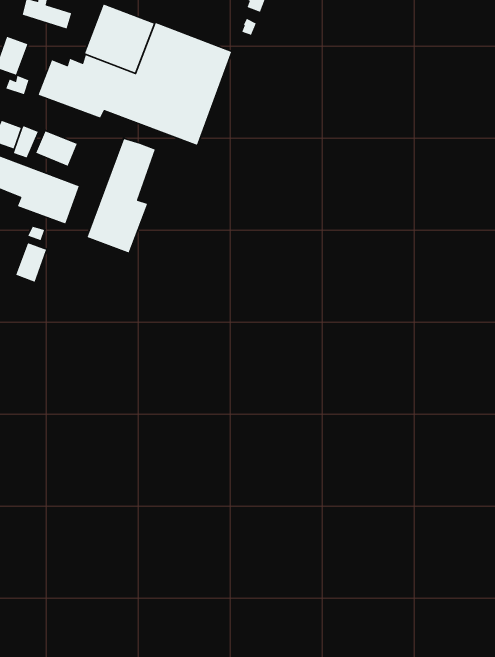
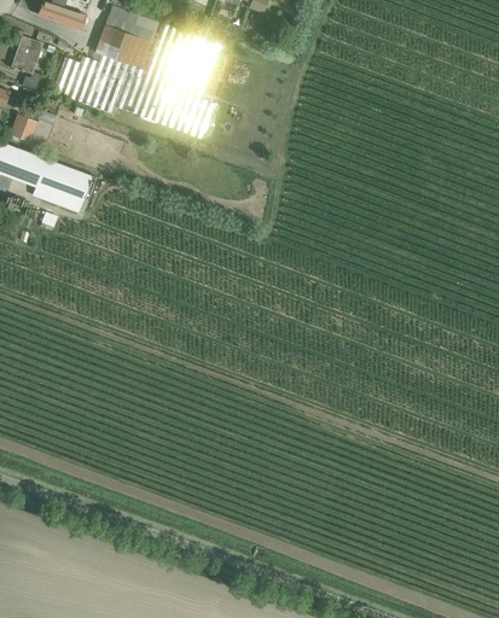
building: [35,130,78,167] -> none
building: [87,138,156,254] -> none
building: [15,242,47,283] -> none

